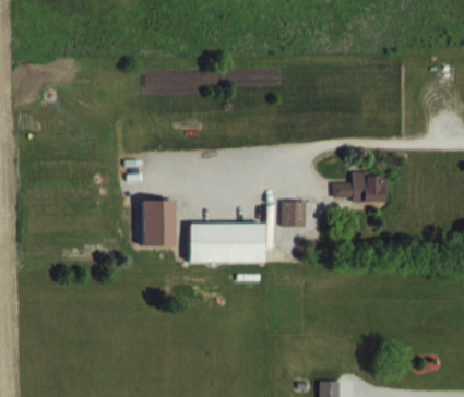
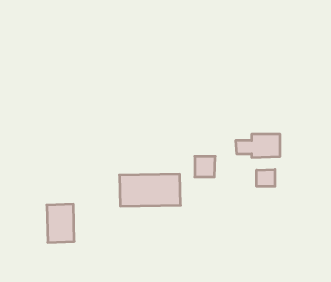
building: [142,200,176,246] -> [47,204,74,242]
building: none -> [257,169,275,186]

